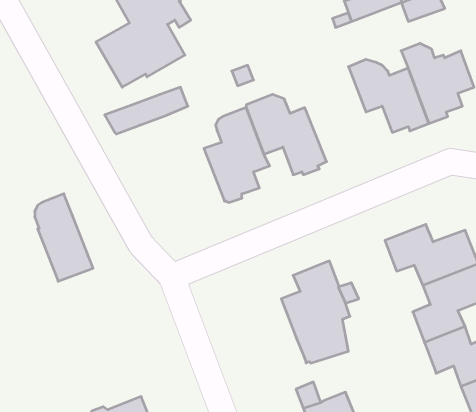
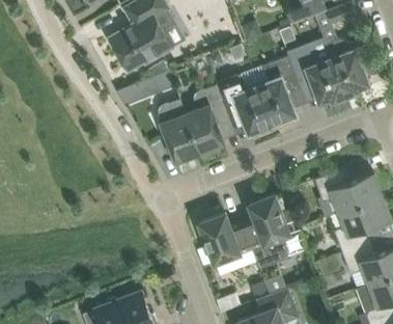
building: none -> [257,57,301,126]
building: [35,194,93,281] -> [159,100,200,162]
building: none -> [200,215,251,263]

